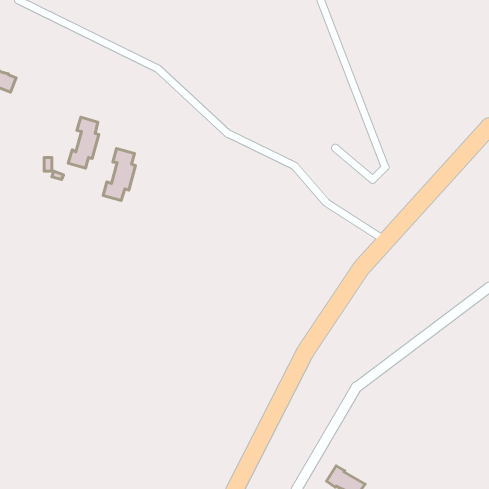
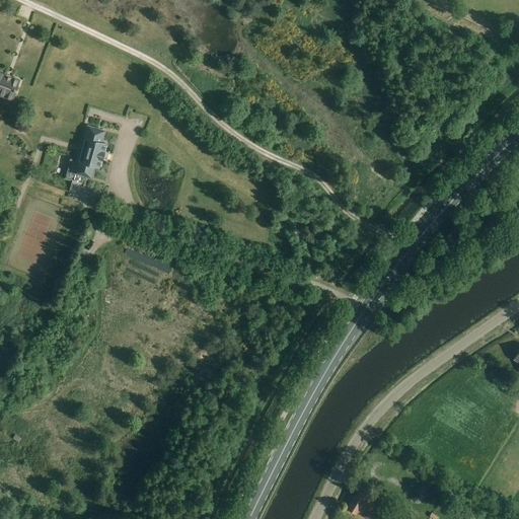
building: [103,148,136,201] -> none

